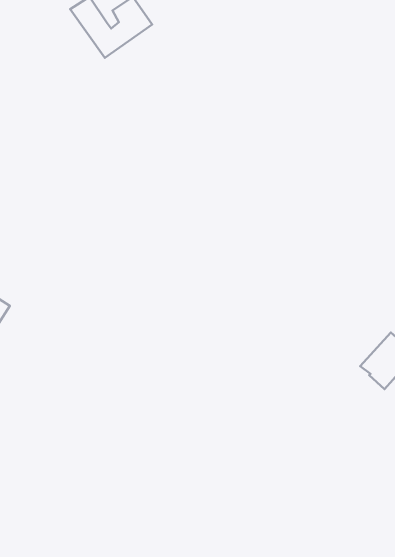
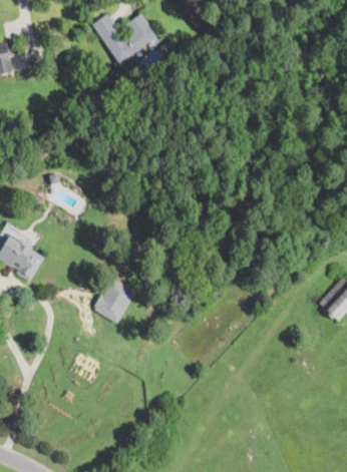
building: none -> [94,279,134,322]

